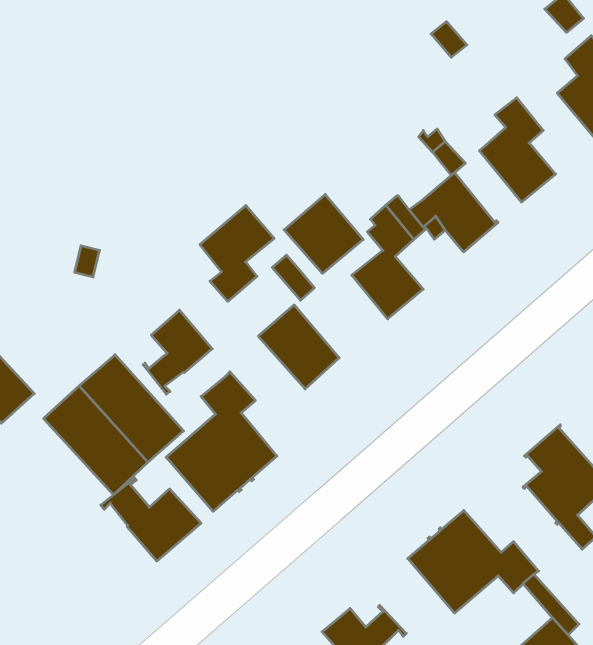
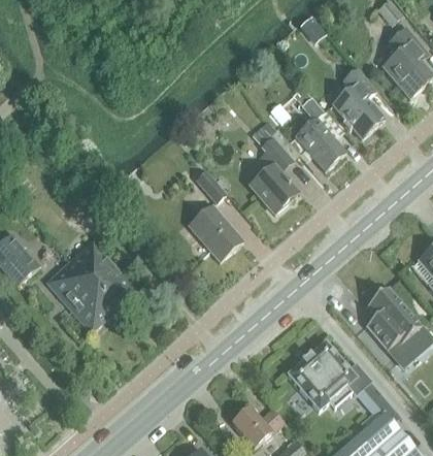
building: [284,194,363,273] -> none
building: [200,205,274,301] -> none
building: [143,310,212,394] -> none
building: [166,372,277,511] -> none
building: [101,478,201,561] -> none

